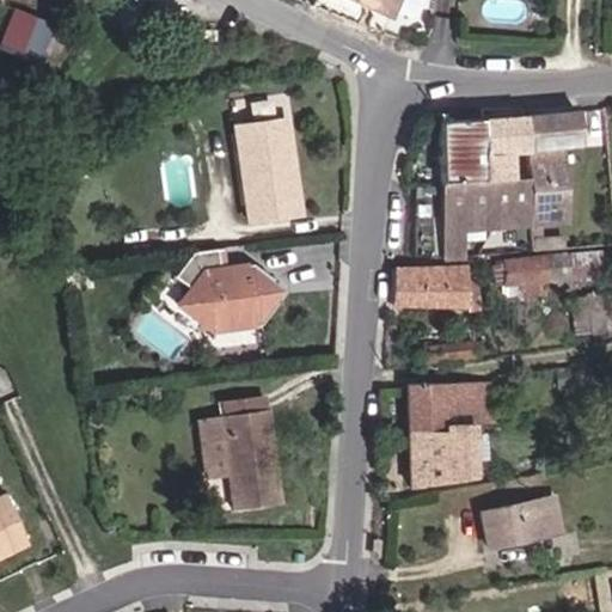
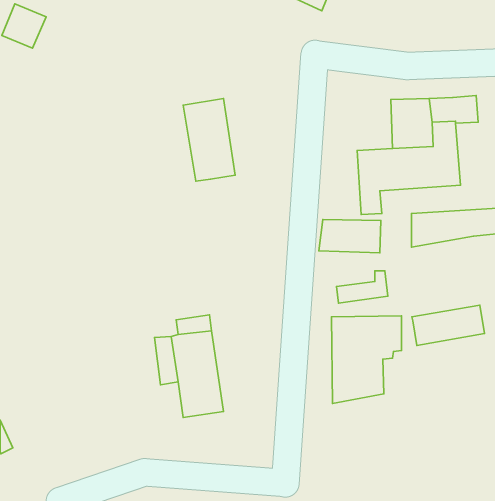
building: [442,121,486,183] -> none
building: [169,246,280,326] -> none
building: [479,497,568,546] -> [412,305,485,345]

